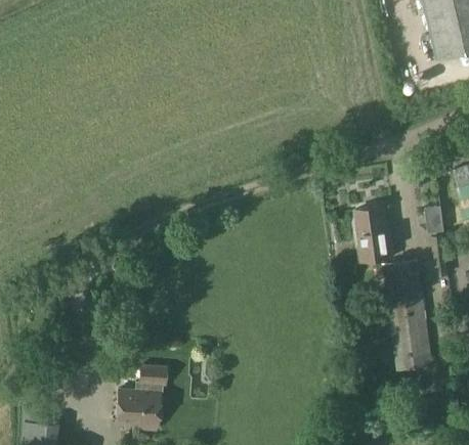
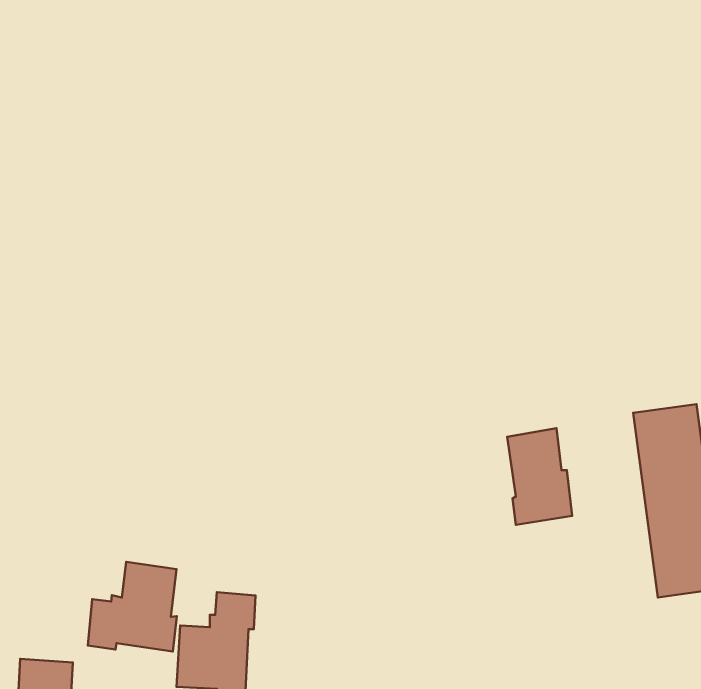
building: [356,207,394,263] -> [507,428,572,525]
building: none -> [88,562,177,652]

